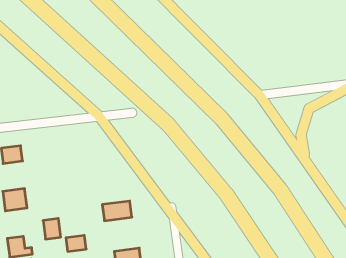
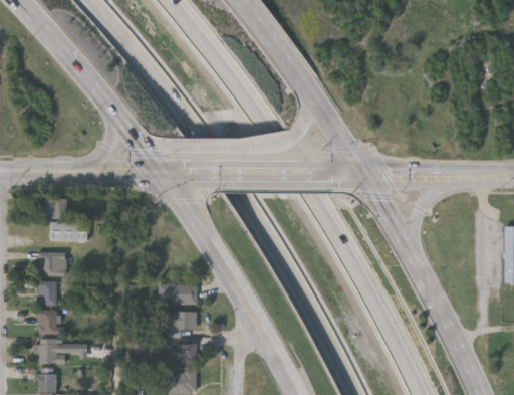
building: none -> [51,222,89,241]
building: [43,218,61,239] -> [40,281,59,305]
building: [66,235,86,251] -> [169,312,192,329]

